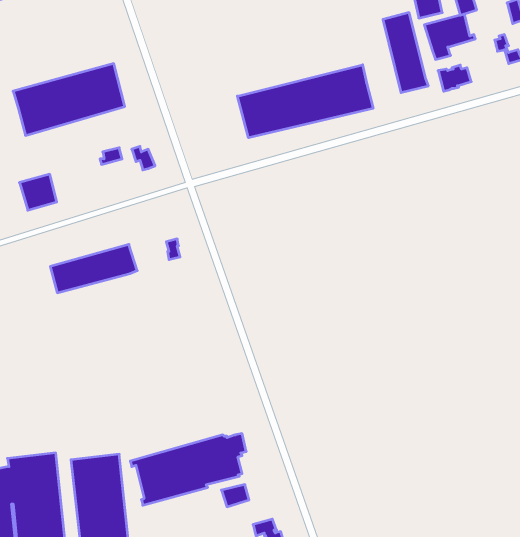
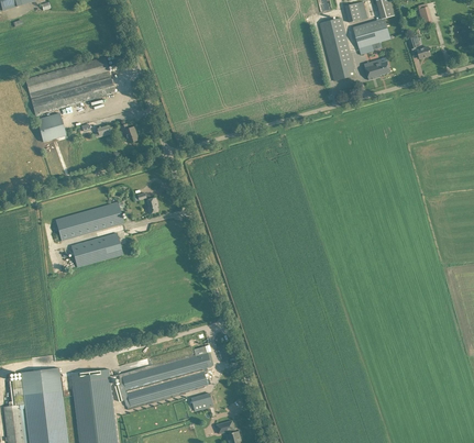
building: [237,65,373,138] -> none
building: [19,174,57,210] -> [35,113,65,142]
building: none -> [69,233,122,267]

